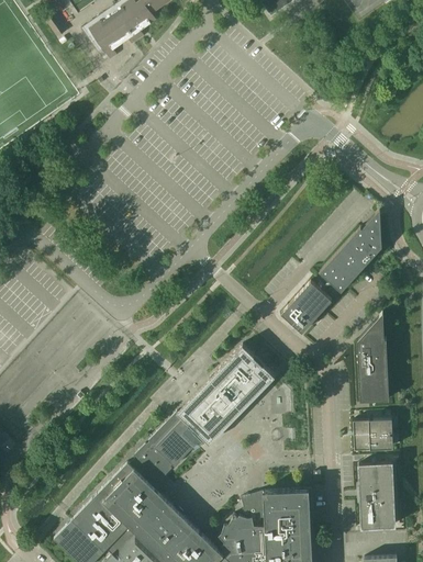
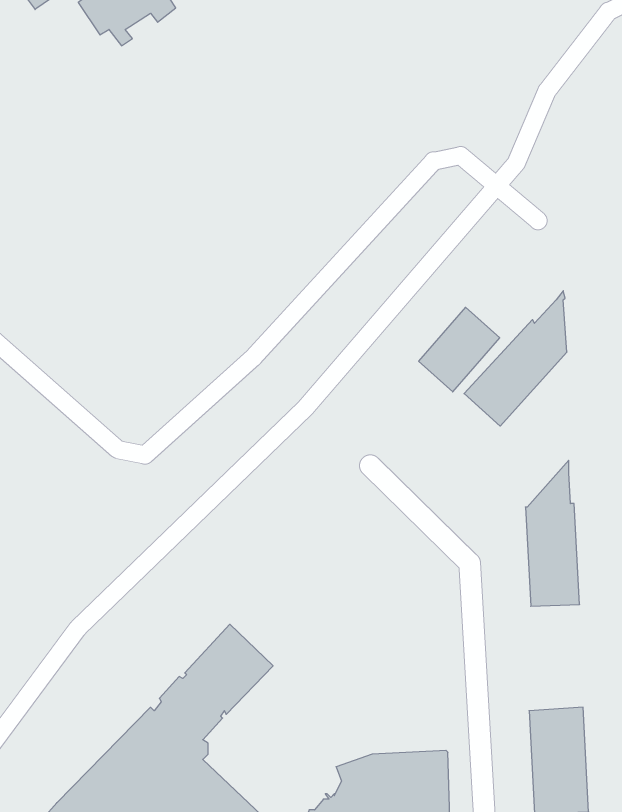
building: [282,281,332,333] -> [419,307,500,392]
building: [177,345,276,443] -> none
building: [354,418,391,449] -> none

